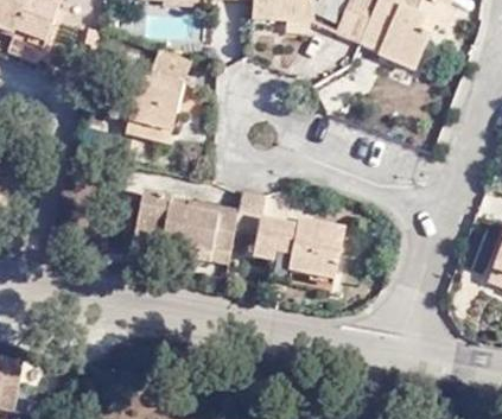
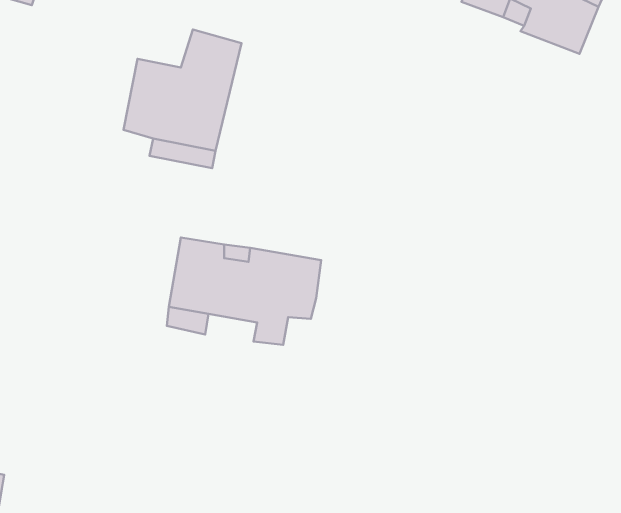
building: [242,190,356,284] -> none

